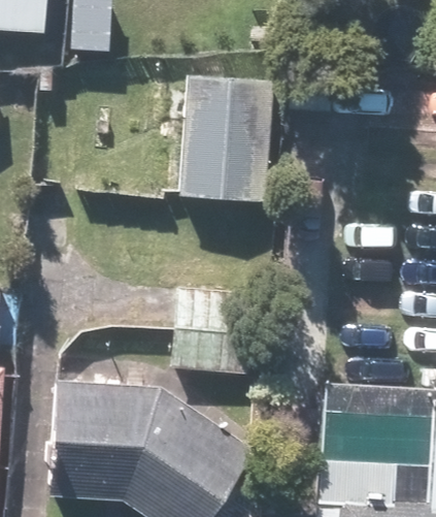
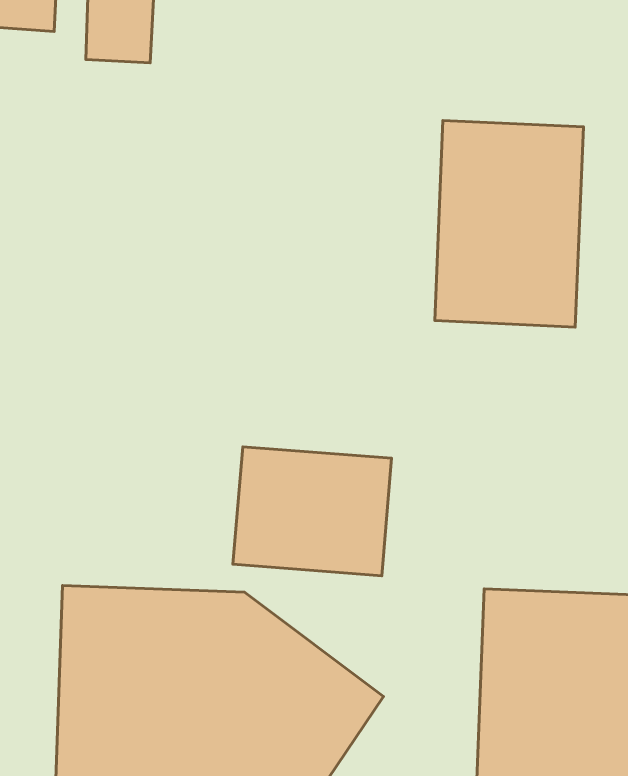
building: [179,73,272,202] -> [435,120,584,327]

